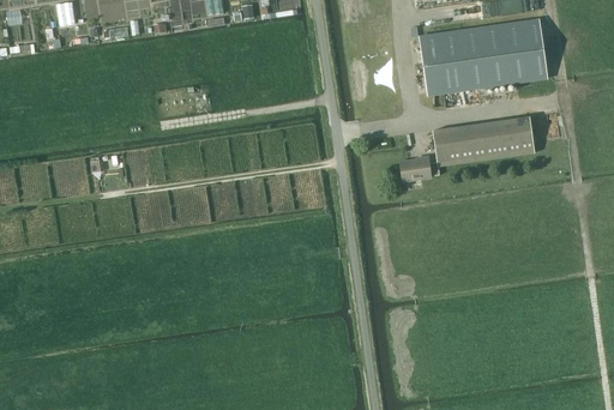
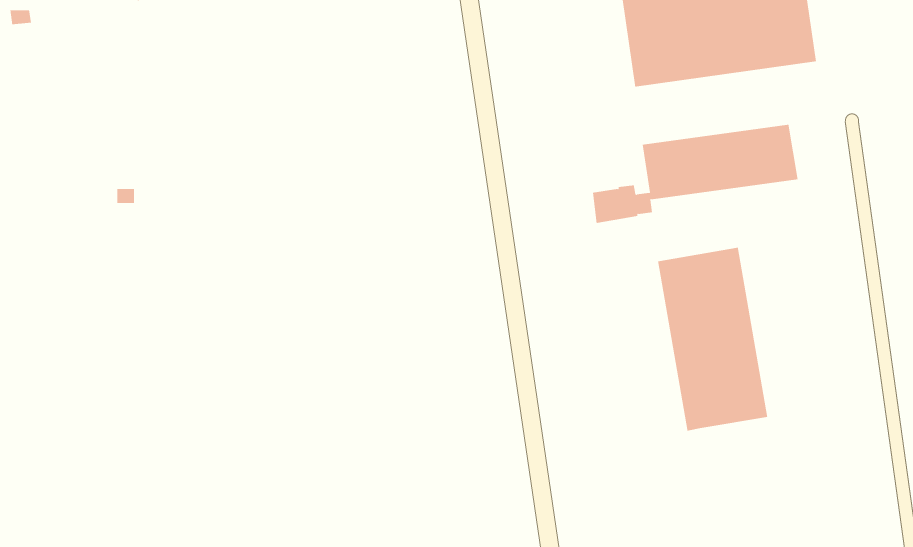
building: none -> [657,247,768,431]

